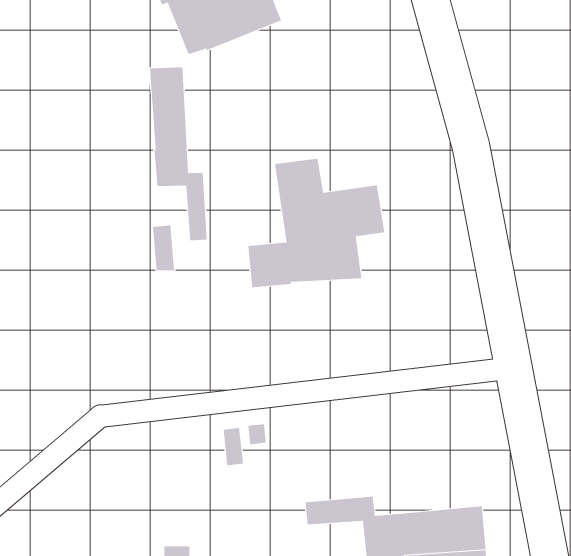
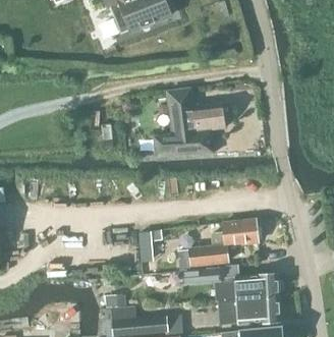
building: [149,66,207,241] -> none
building: none -> [187,220,257,267]

